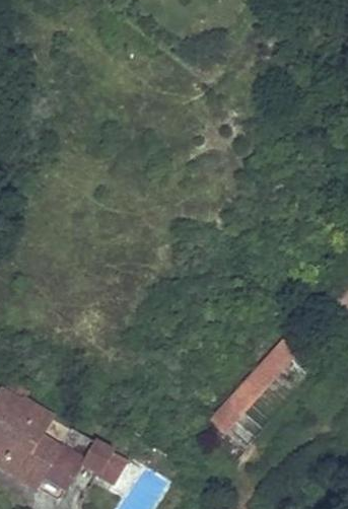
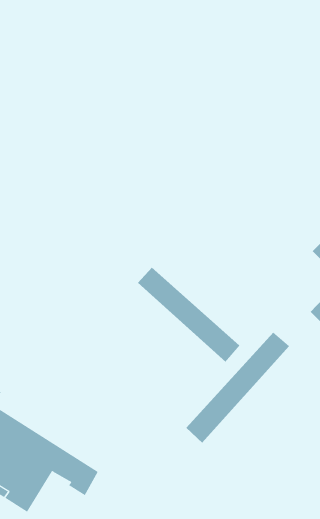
building: none -> [137,267,240,363]

